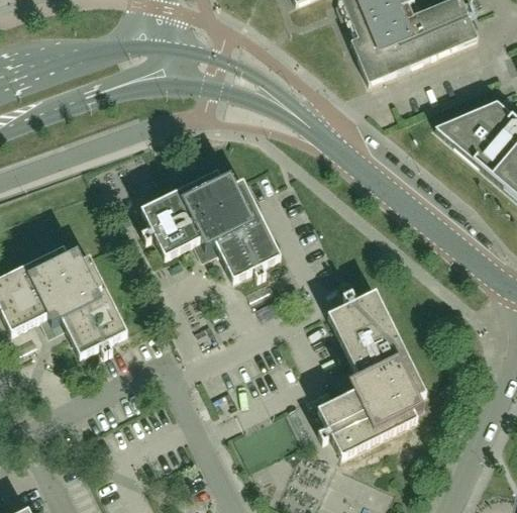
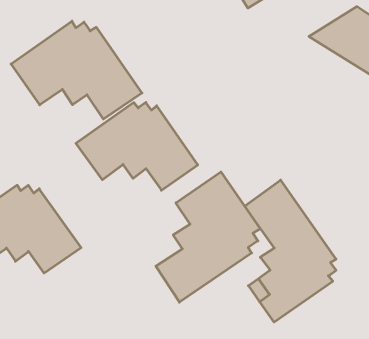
building: none -> [11,21,142,119]
building: none -> [156,172,260,302]

